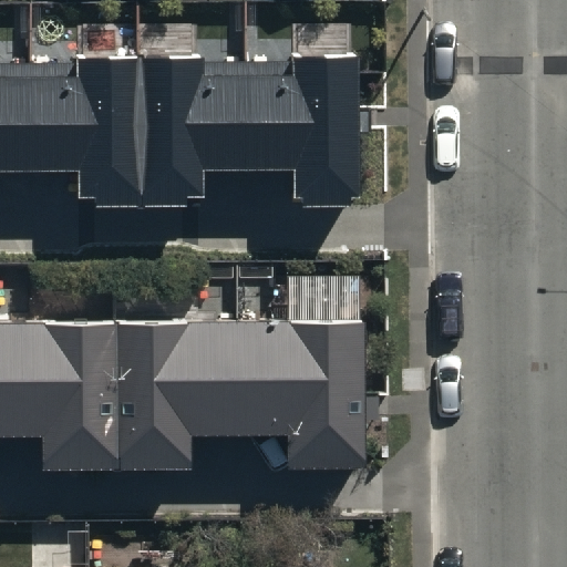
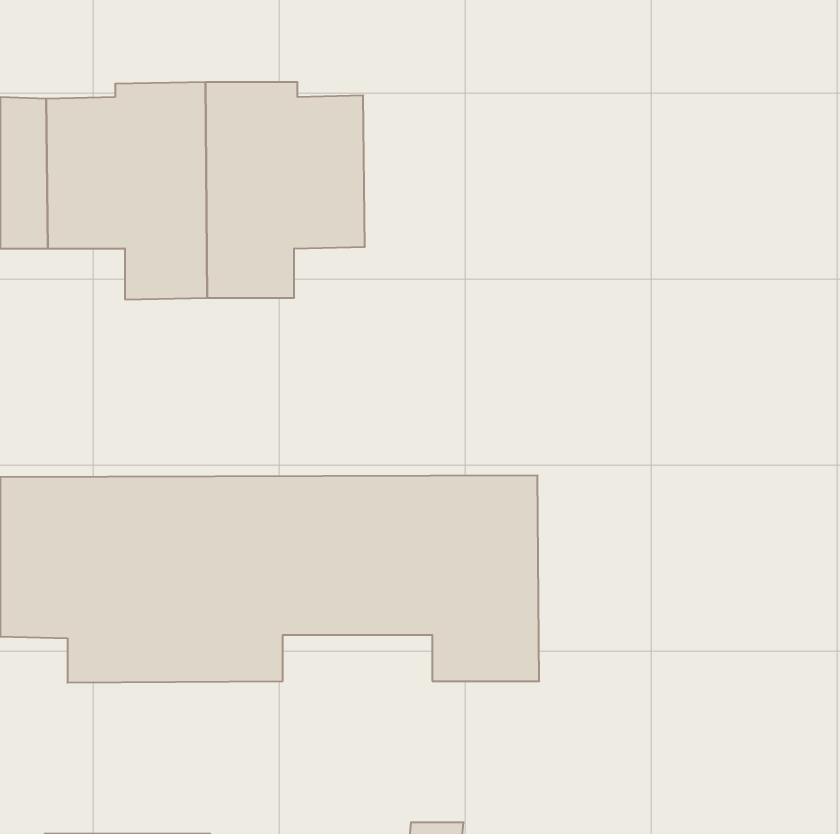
building: [245,59,353,205] -> none

